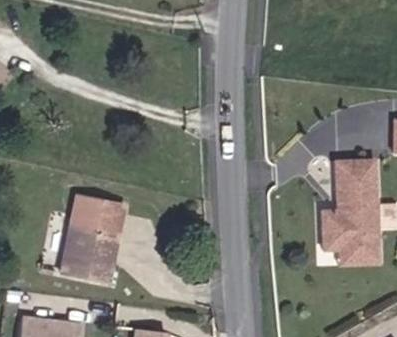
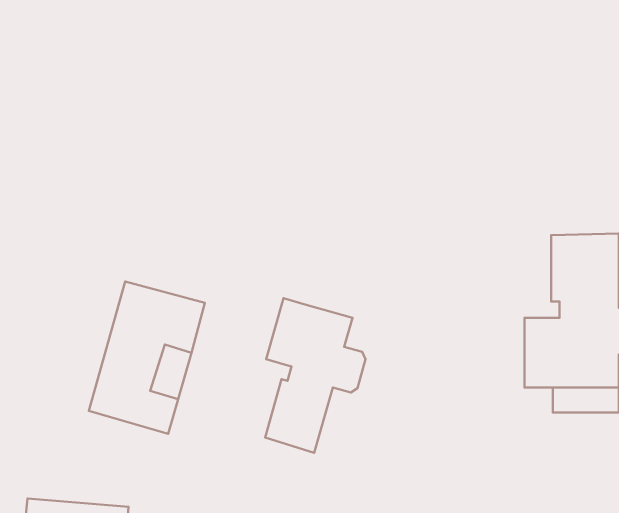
building: none -> [265,298,366,453]

